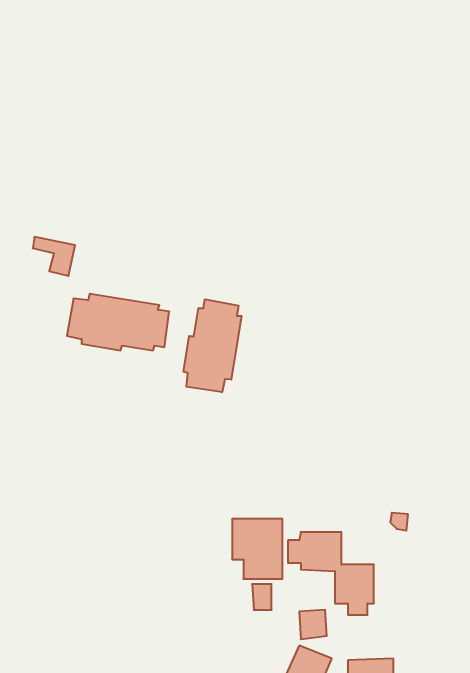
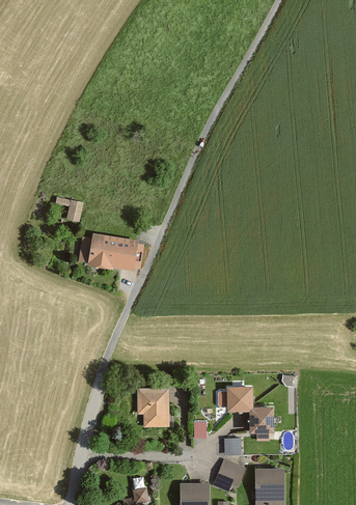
building: [183,299,242,392] -> none
building: [232,519,282,579] -> [137,388,169,426]

